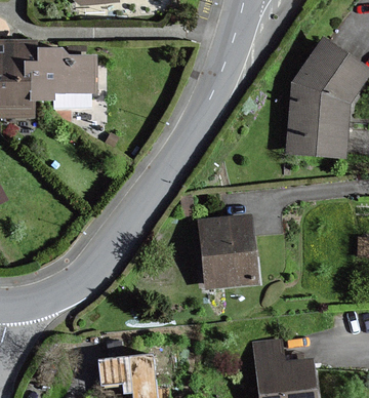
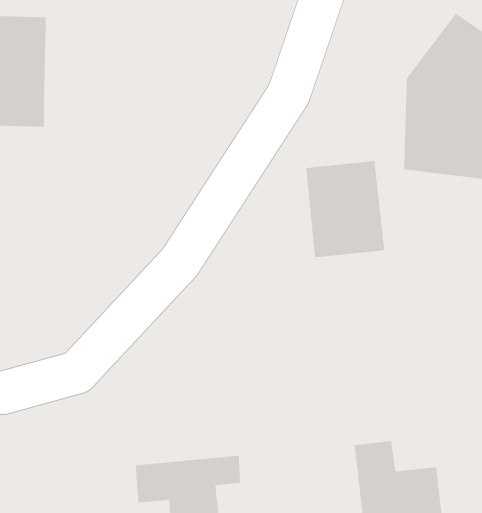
building: [35,47,93,111] -> none
building: [200,216,256,285] -> [305,161,385,258]

